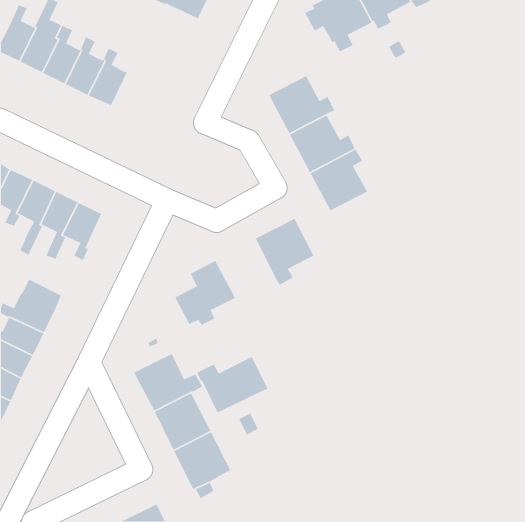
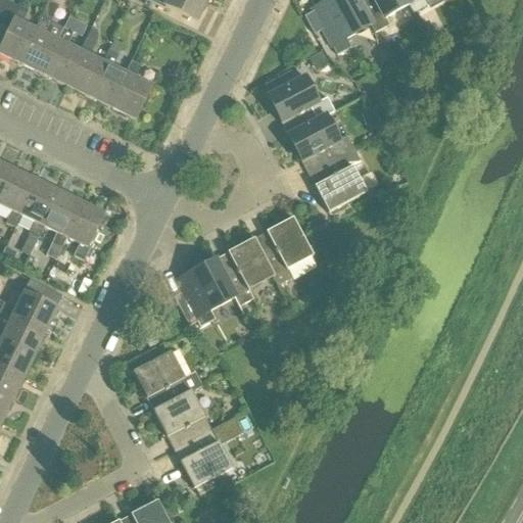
building: none -> [112,58,151,116]
building: none -> [216,236,274,304]
building: [196,356,269,414] -> none

